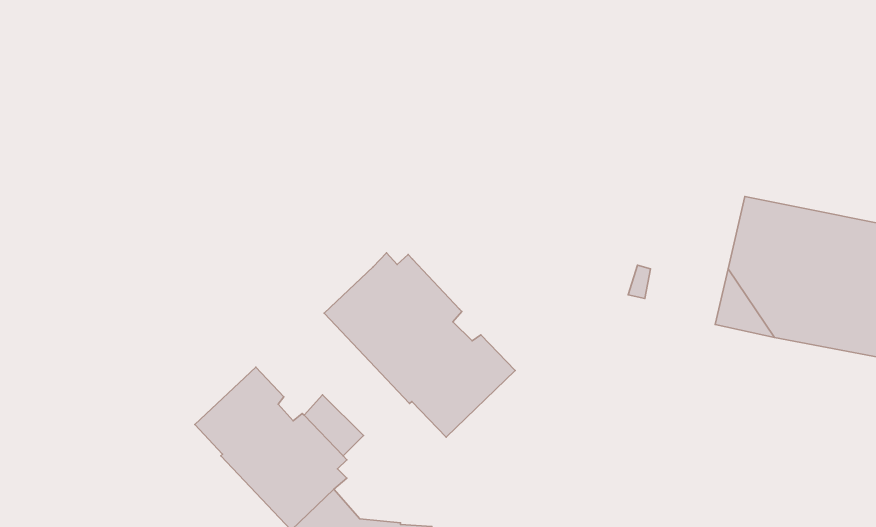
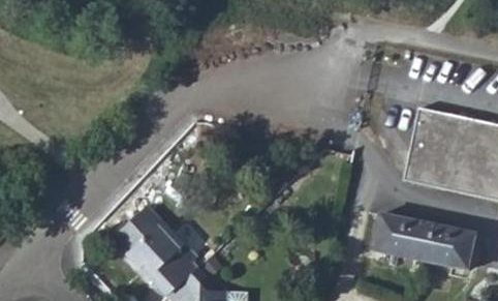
building: [324,253,515,437] -> none
building: none -> [373,215,474,270]

